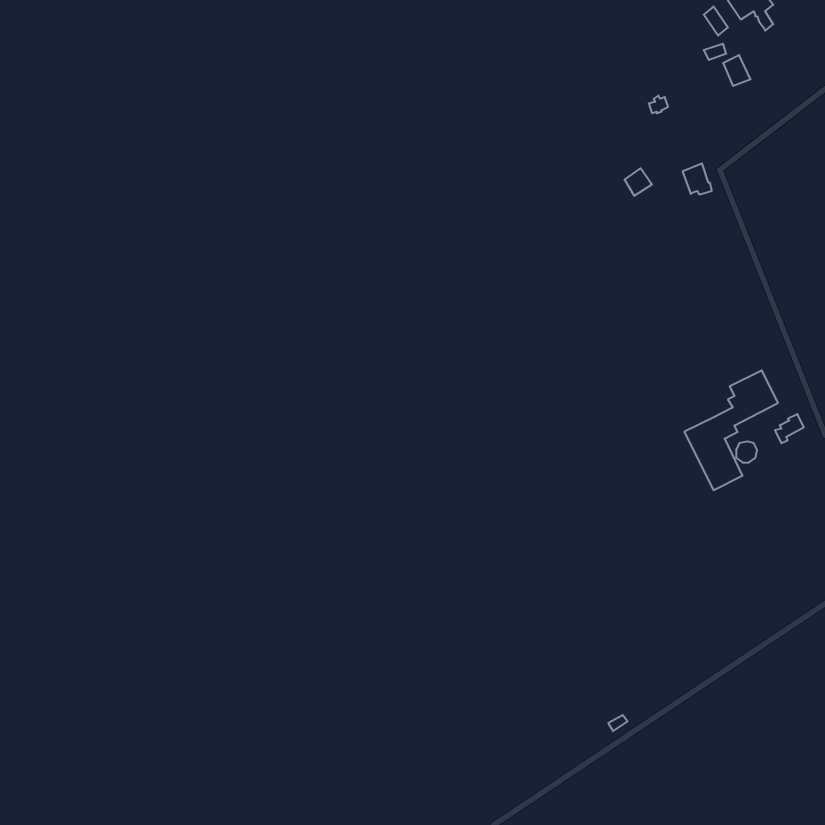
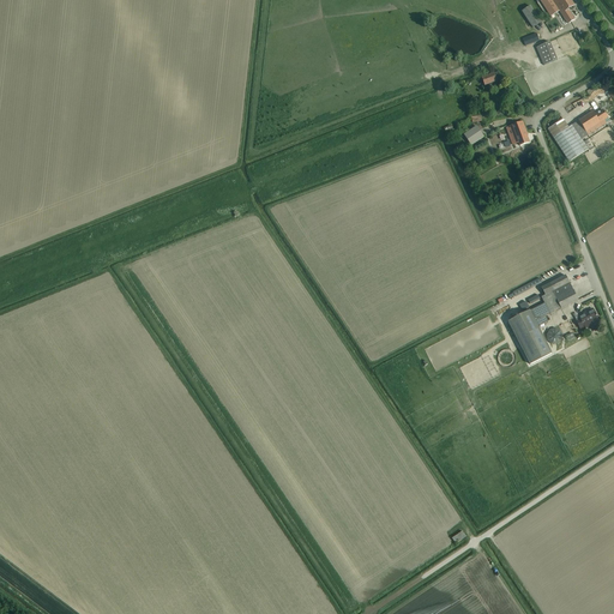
building: none -> [547,108,607,161]

